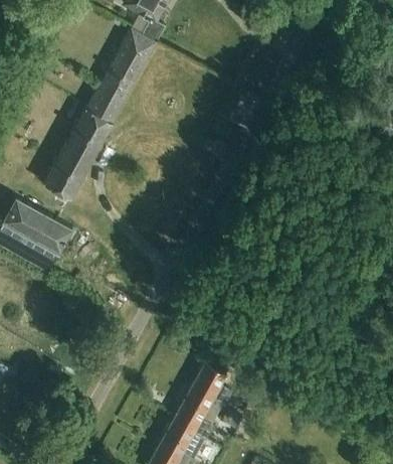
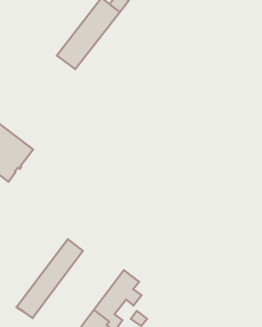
building: [42,109,112,200] -> none
building: none -> [17,239,83,318]

